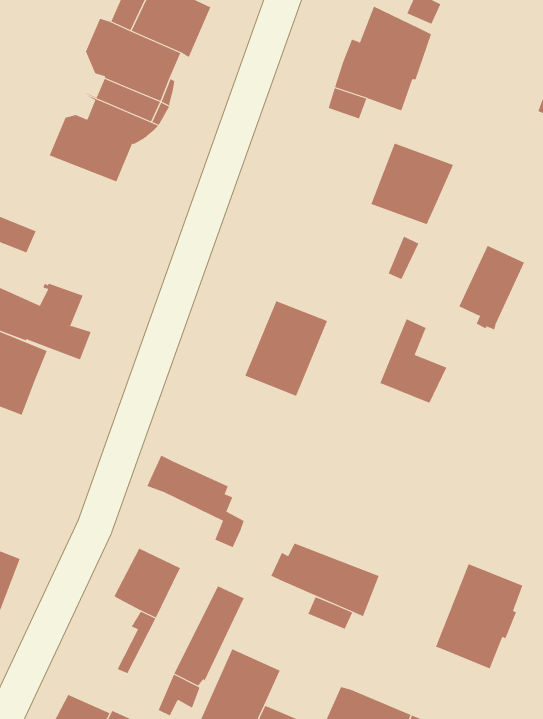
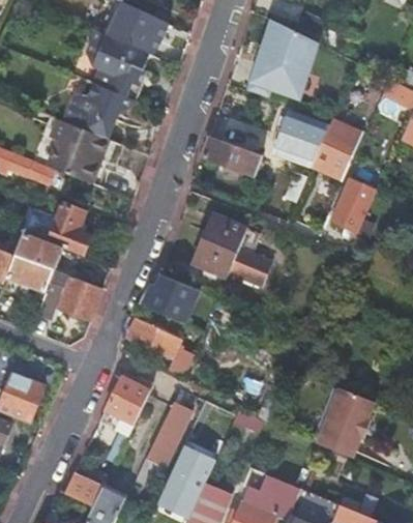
building: none -> [47,117,110,183]
building: none -> [312,119,363,179]
building: none -> [204,136,263,177]
building: [379,319,447,404] -> [229,229,273,285]
building: none -> [37,269,102,321]
building: [271,543,379,617] -> [146,277,217,325]

